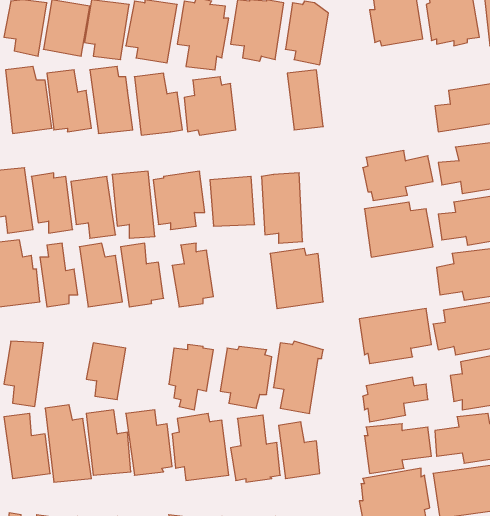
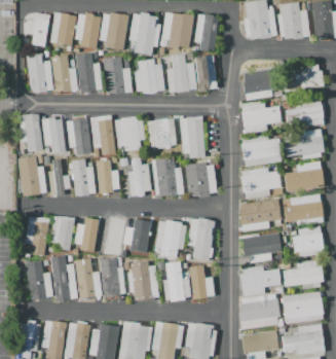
building: none -> [166,53,195,93]
building: none -> [242,67,279,100]
building: none -> [150,157,183,196]
building: none -> [239,168,281,200]
building: none -> [49,216,74,251]
building: none -> [99,216,124,255]

